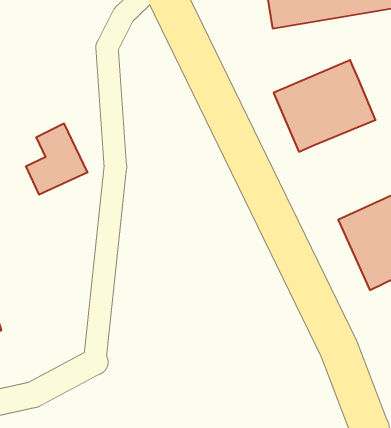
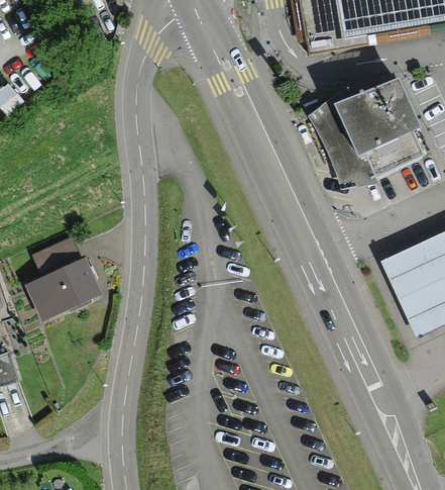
building: [26,124,88,195] -> [27,241,94,318]

